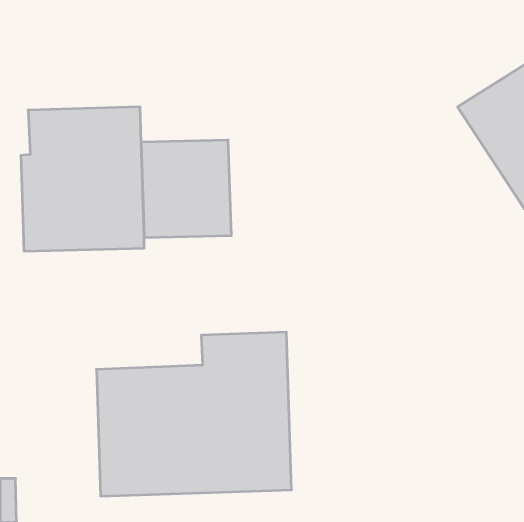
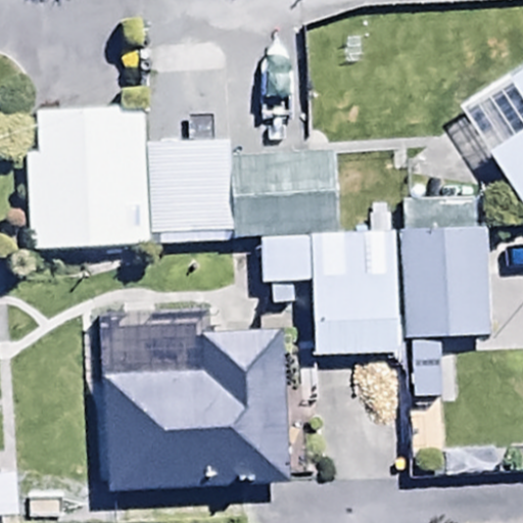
building: none -> [401,227,489,336]
building: none -> [260,231,395,353]

